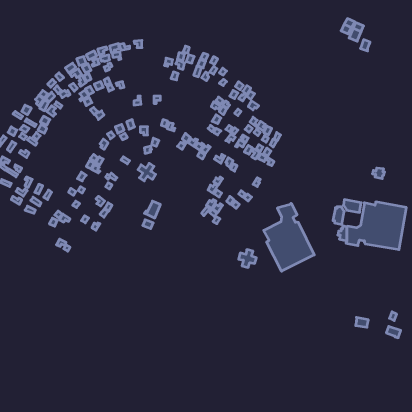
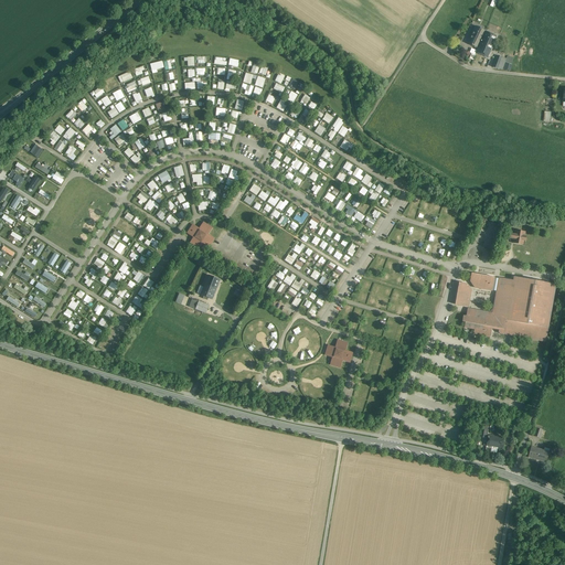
building: [264,203,314,271] -> none

